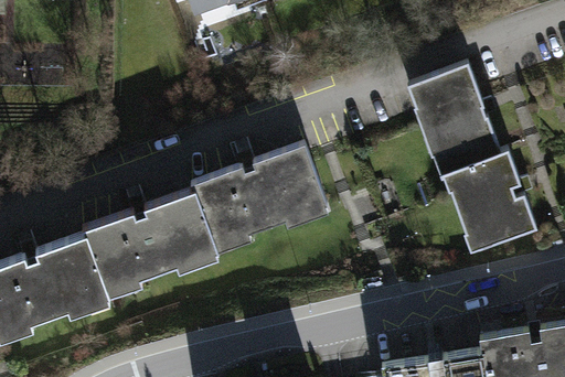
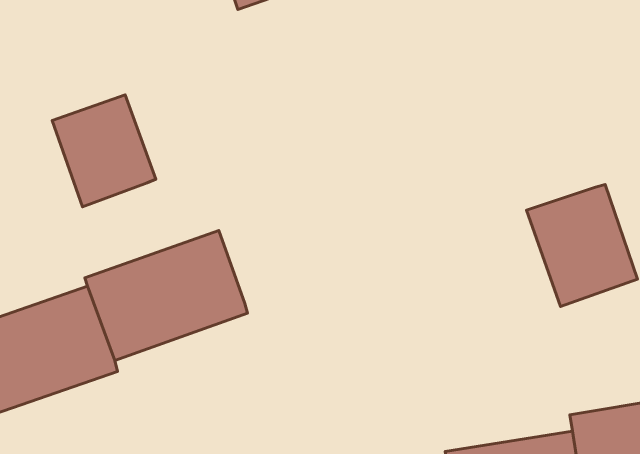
building: [408,65,499,174] -> none
building: none -> [52,95,156,207]
building: [190,146,322,249] -> none

